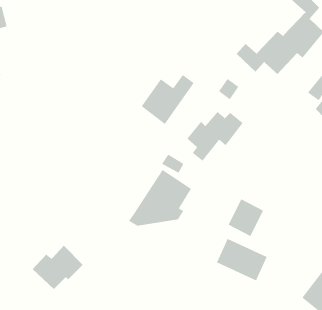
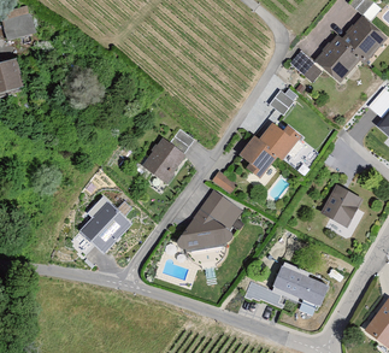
building: [141,74,195,125] -> [135,130,194,186]
building: [228,199,264,237] -> [323,181,363,223]
building: [32,245,83,290] -> [73,205,130,254]

